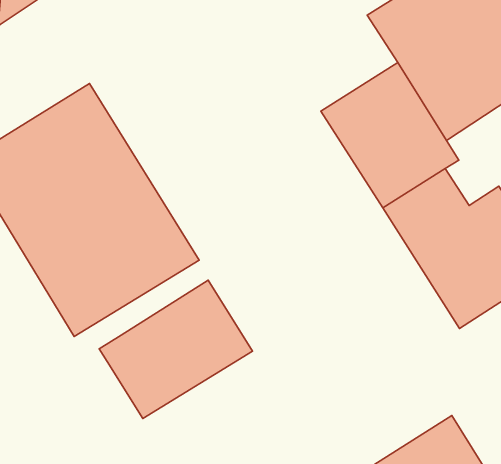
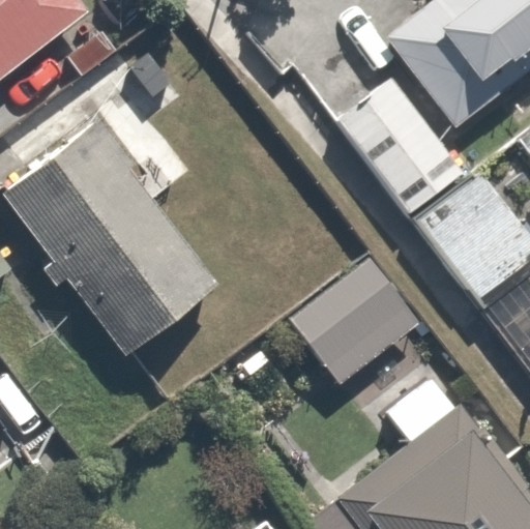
building: none -> [286,253,428,388]
building: [99,280,252,419] -> none

